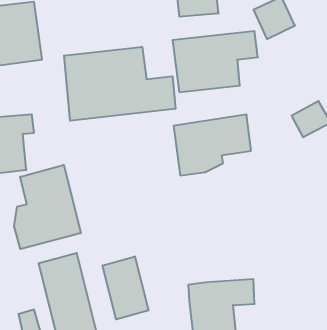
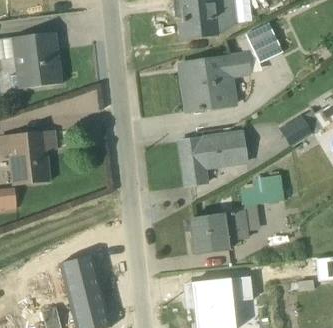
building: [64,47,175,121] -> none
building: none -> [190,173,284,253]
building: [14,165,81,249] -> none
building: [103,256,148,319] -> none

